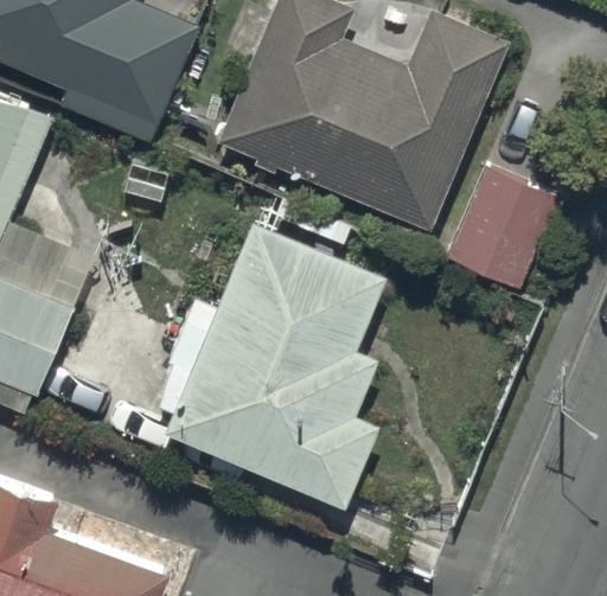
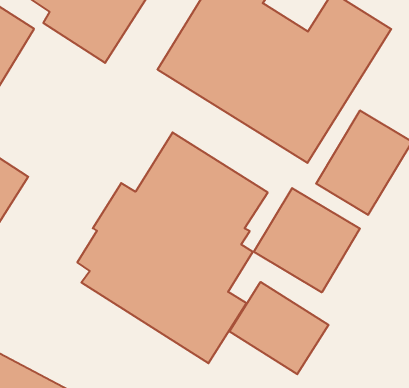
building: none -> [254,188,360,292]
building: none -> [229,282,328,374]

